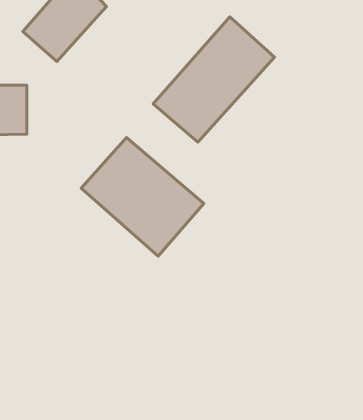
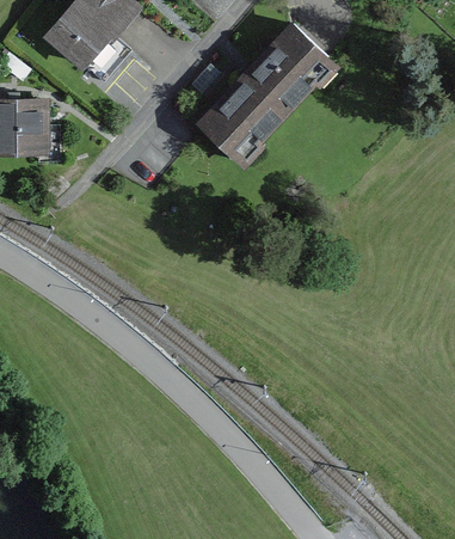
building: [81,137,204,256] -> none

